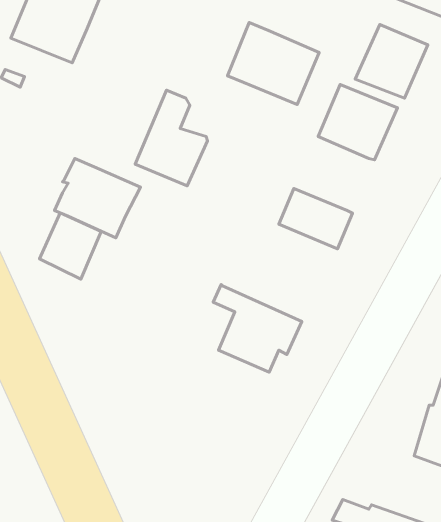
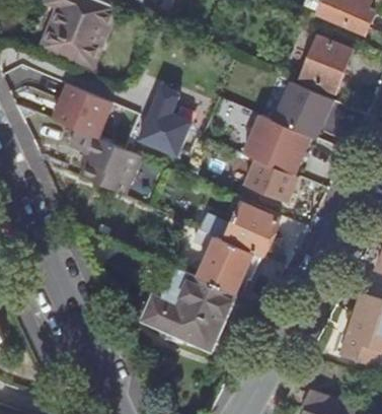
building: [227,22,319,105] -> [242,113,310,174]
building: none -> [50,82,105,134]
building: [40,213,101,279] -> none
building: none -> [202,203,280,257]
building: none -> [143,274,236,341]

